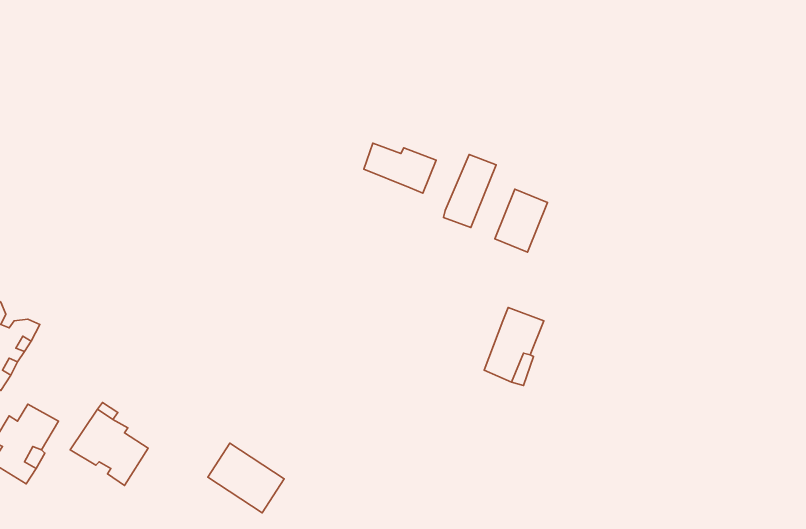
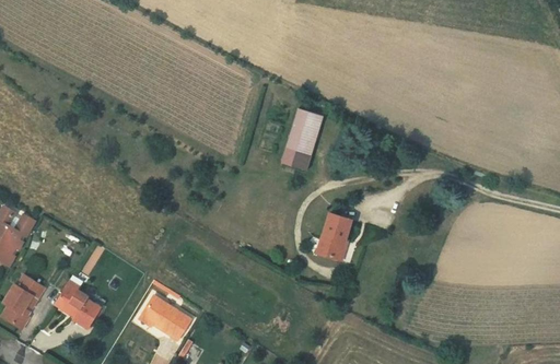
building: [364,143,436,193] -> none
building: [495,189,547,252] -> none

